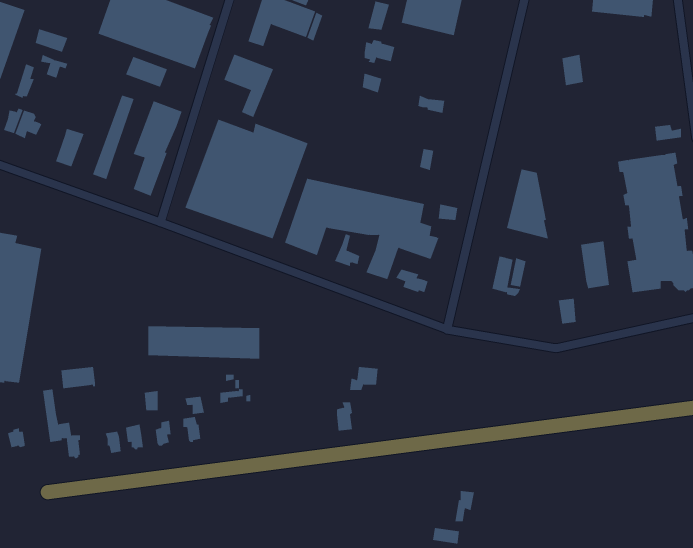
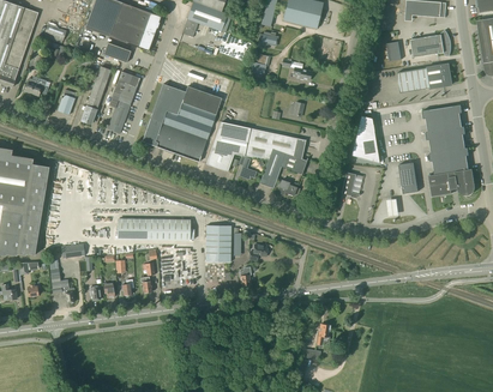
building: none -> [410,29,451,56]
building: [223,53,274,118] -> none
building: none -> [397,64,451,92]
building: none -> [205,224,230,261]

